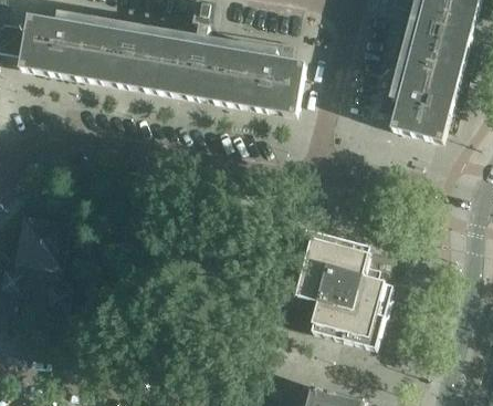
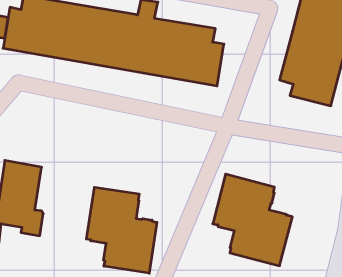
building: none -> [86,187,157,273]

